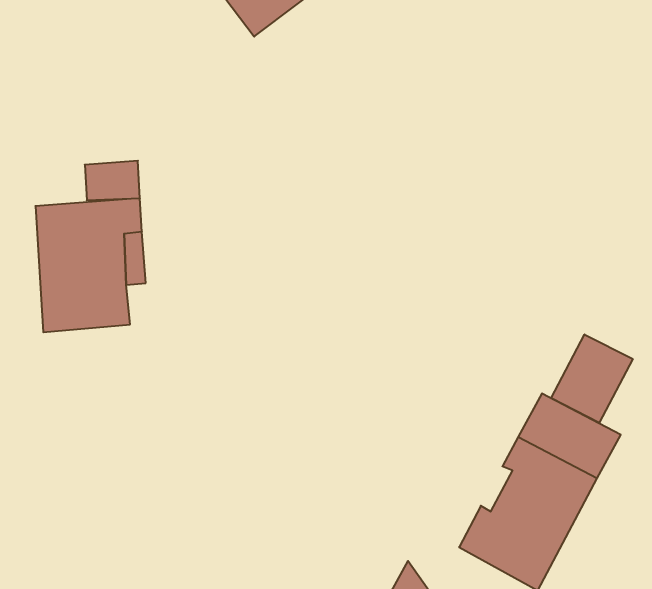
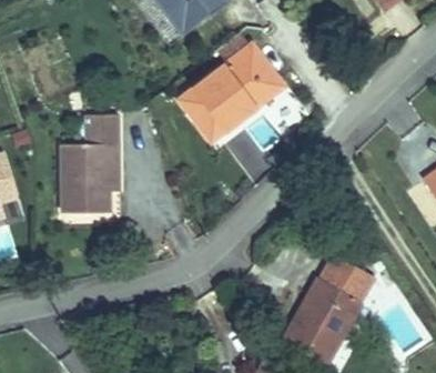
building: none -> [185,40,290,137]
building: [551,334,633,423] -> none

